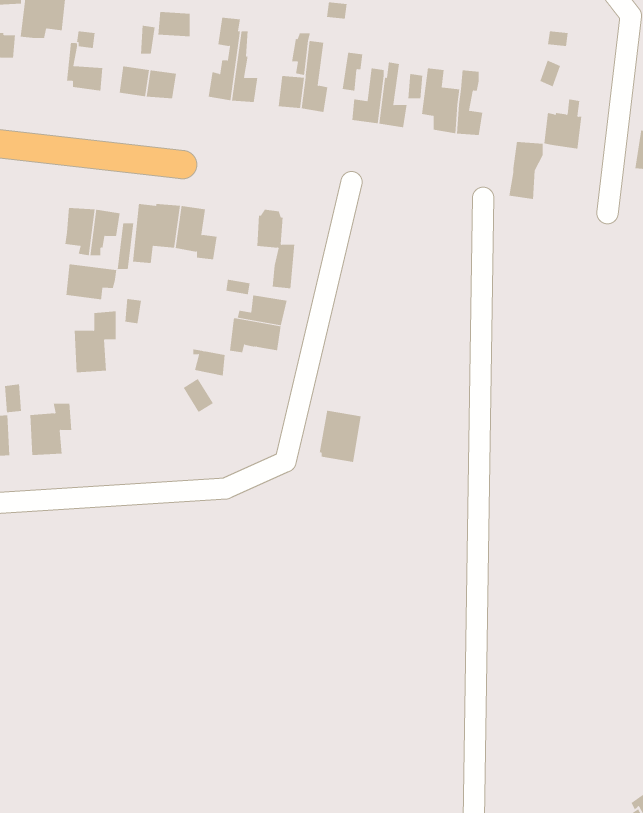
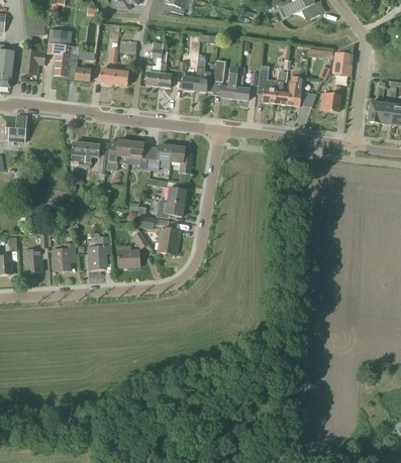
building: none -> [332,43,354,75]
building: none -> [54,48,74,77]
building: [509,141,543,200] -> [287,76,305,106]
building: none -> [148,143,172,169]
building: [66,263,117,300] -> none
building: [74,311,117,373] -> [88,236,110,268]
building: [319,410,362,463] -> [158,227,180,254]
building: none -> [117,248,139,267]

